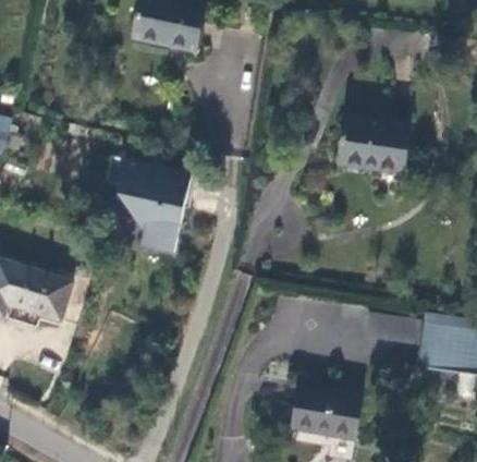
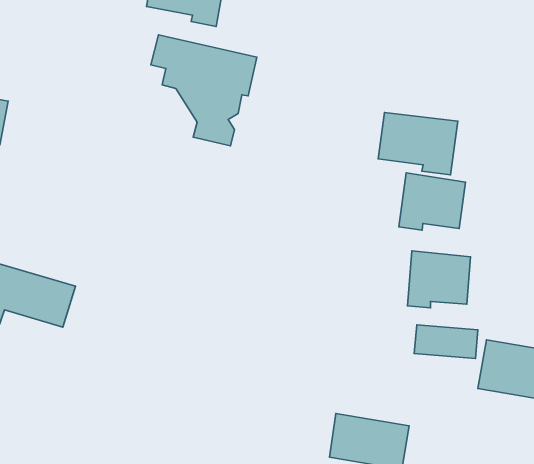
building: [99,159,192,256] -> [151,35,257,146]
building: none -> [399,173,466,230]
building: none -> [407,251,471,308]

